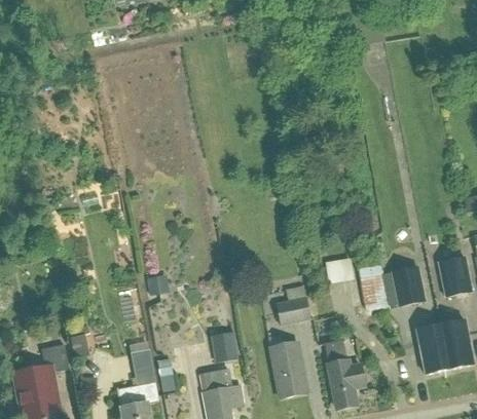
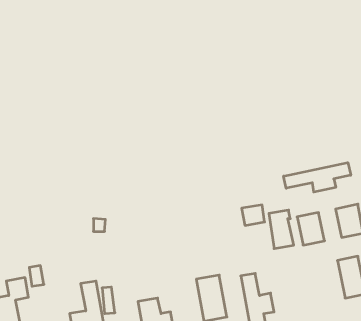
building: none -> [284,163,351,192]
building: [277,284,311,326] -> none
building: [415,325,449,374] -> none
building: [211,332,238,361] -> none

